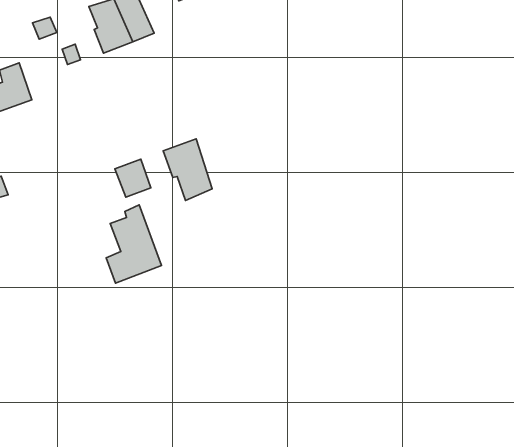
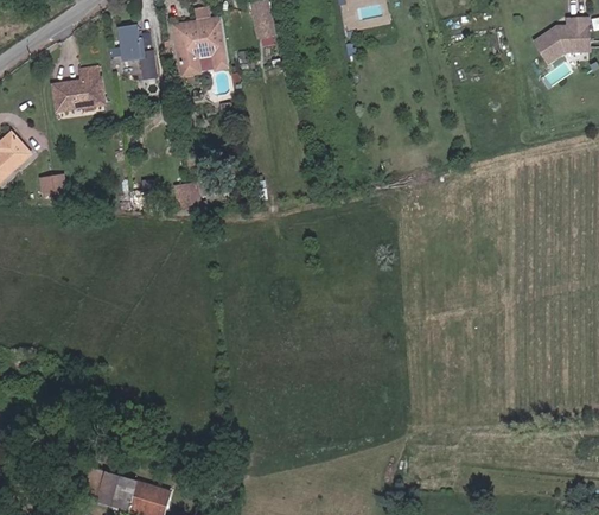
building: [163,139,212,200] -> none
building: [106,205,162,283] -> none

